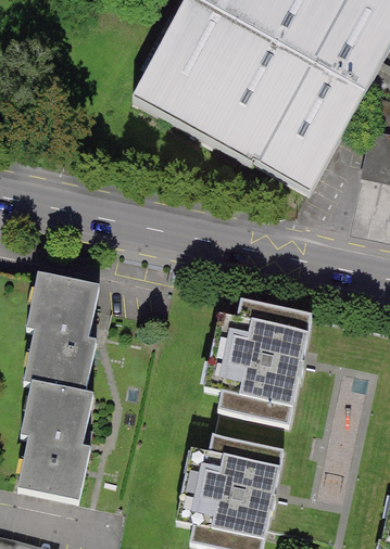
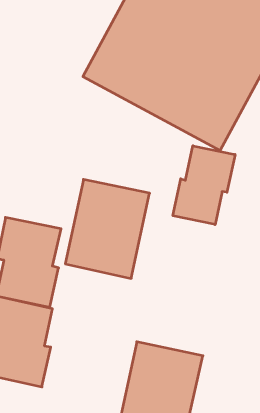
building: none -> [173,146,235,225]
building: [206,307,312,431] -> [65,179,150,278]

